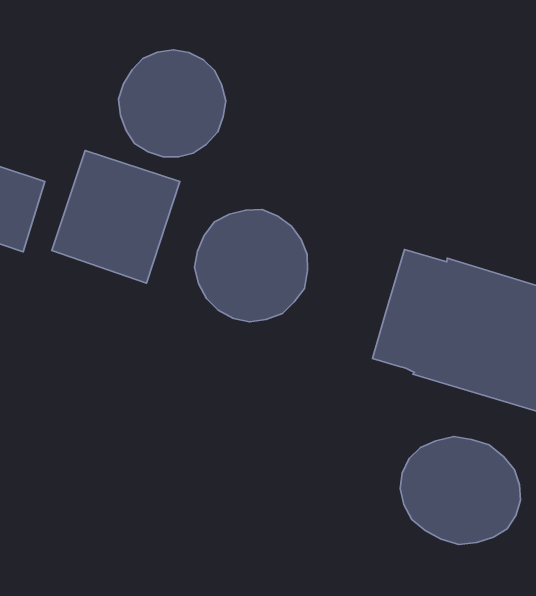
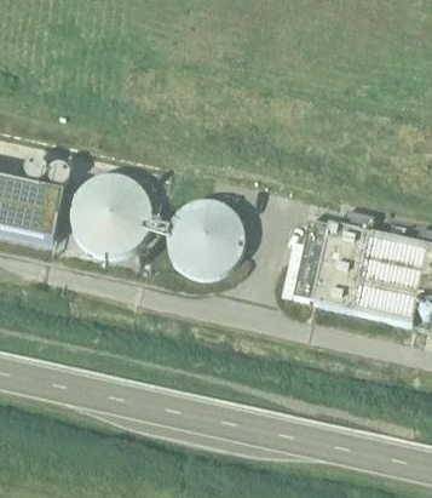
building: [118,50,226,157] -> none
building: [400,437,520,544] -> none

